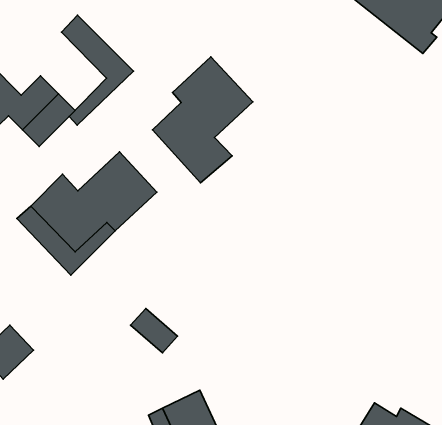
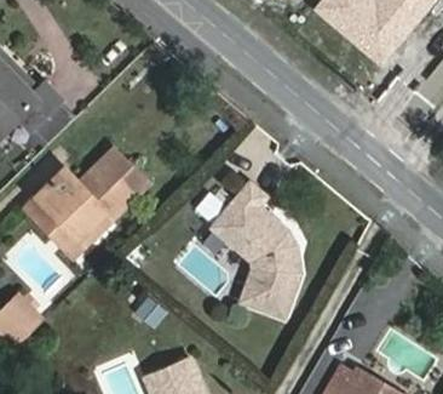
building: [62,15,133,125] -> none
building: [153,57,253,183] -> none
building: none -> [212,181,299,318]

